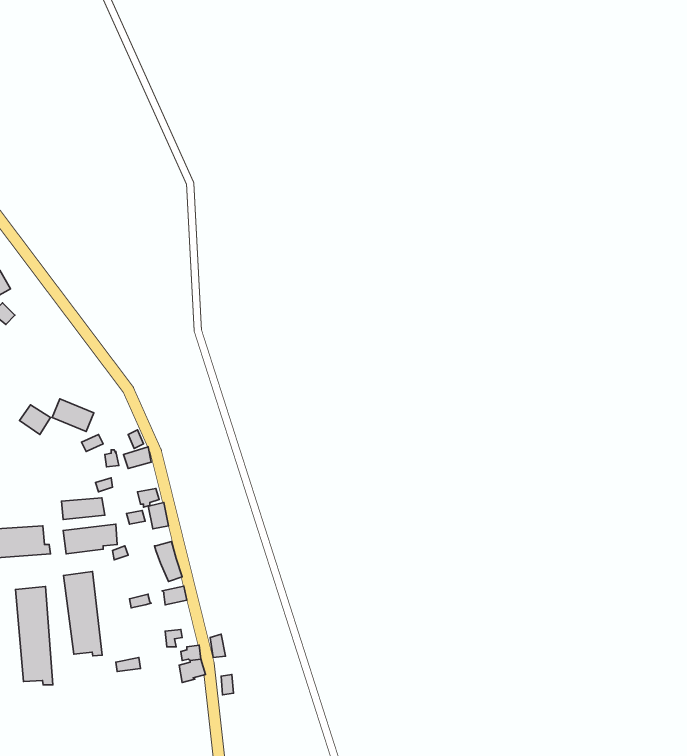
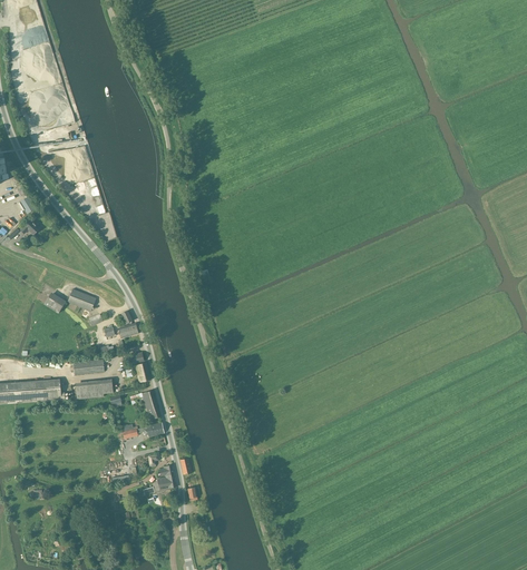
building: [63,572,102,656] -> none
building: [16,587,53,685] -> none

